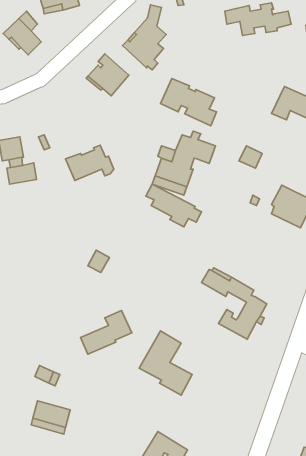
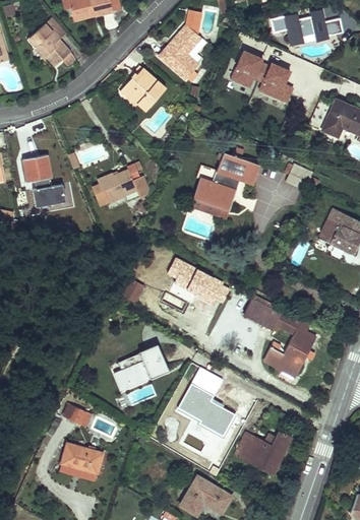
building: [161,78,216,126] -> [231,50,292,102]
building: [146,184,202,227] -> [169,258,230,305]
building: none -> [235,432,291,473]

